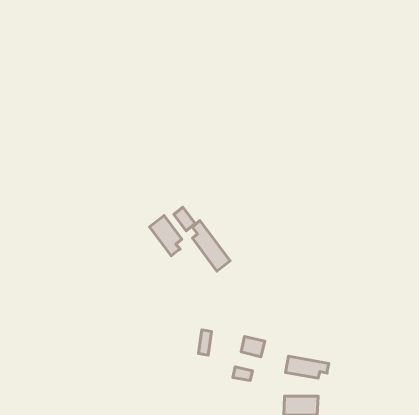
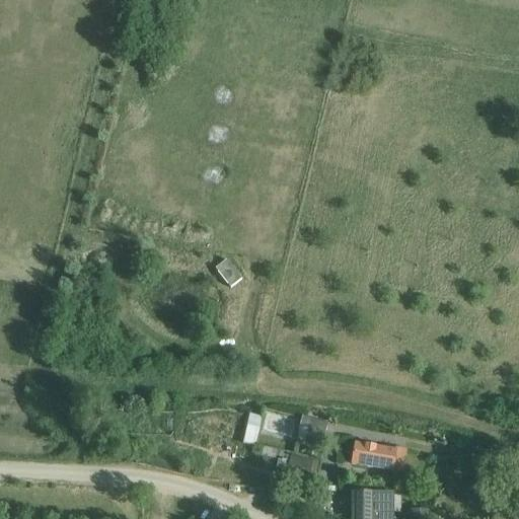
building: [149,215,182,256] -> none
building: [192,221,230,271] -> none

